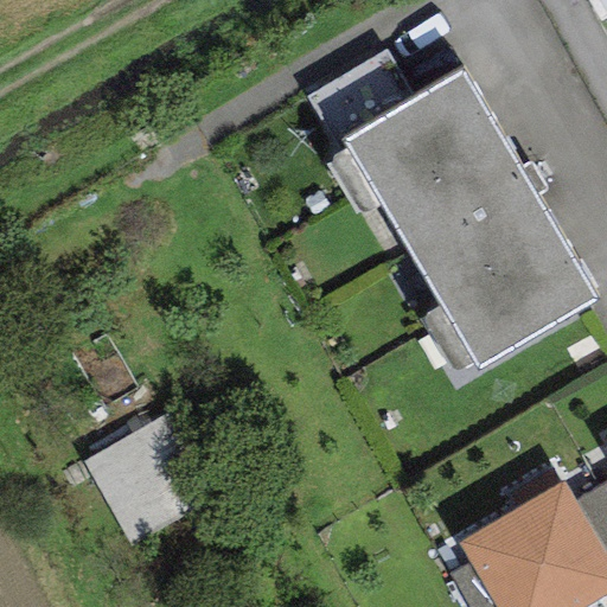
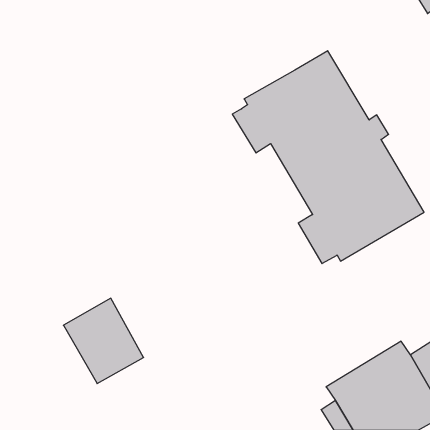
building: [308,50,416,153] -> none

